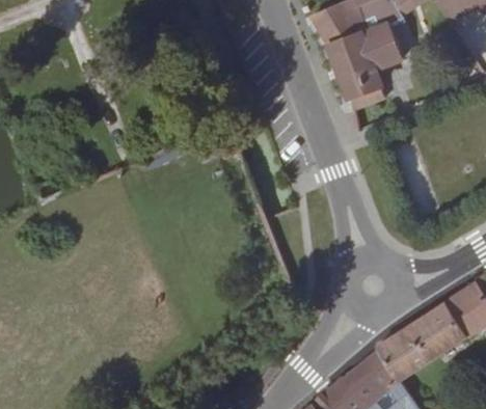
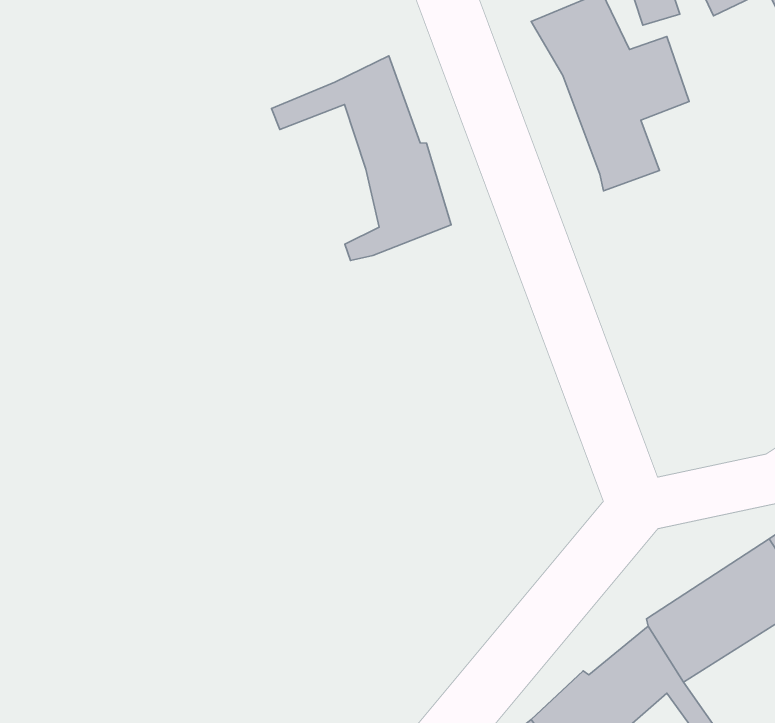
building: none -> [272,56,451,261]

